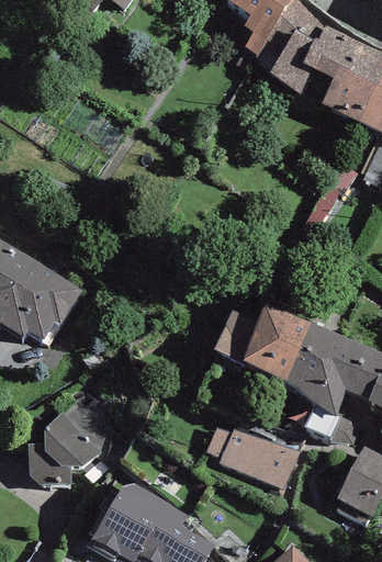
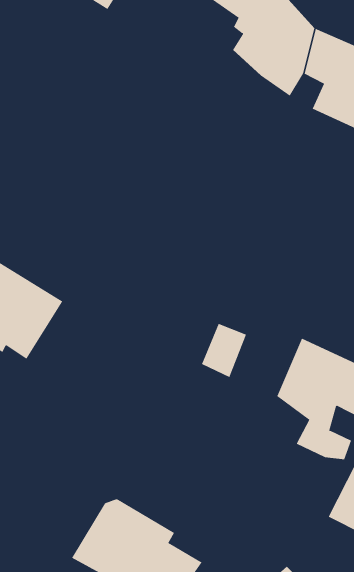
building: [241,308,311,382] -> none
building: [29,414,98,486] -> none
building: [205,426,294,485] -> none

